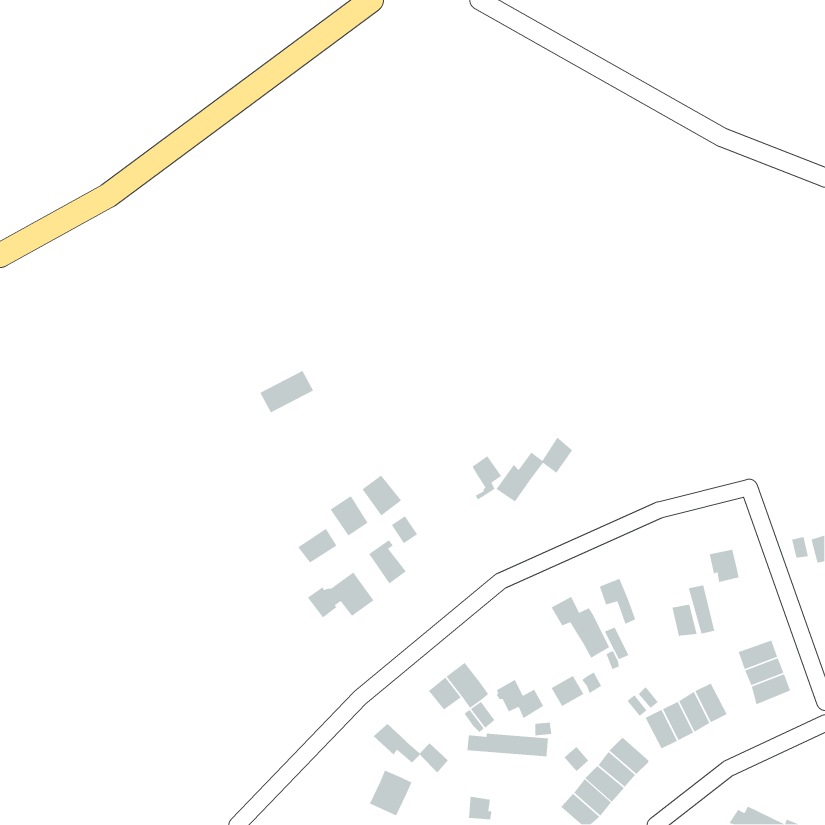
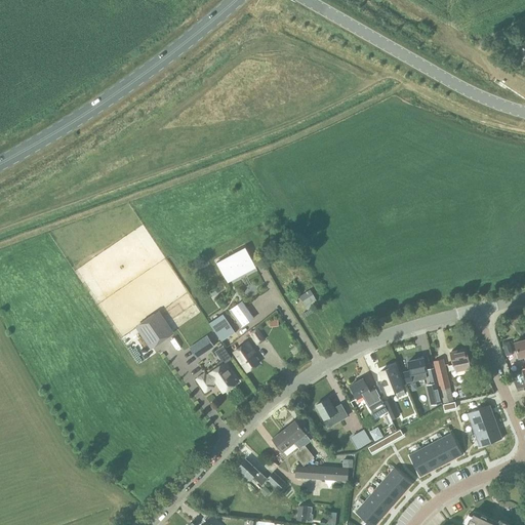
building: [259,370,314,413] -> [218,250,253,278]
building: [496,437,573,503] -> none
building: none -> [137,313,171,347]
building: none -> [403,358,427,383]
building: [496,679,544,719] -> [316,398,347,423]
building: [369,769,412,817] -> none

